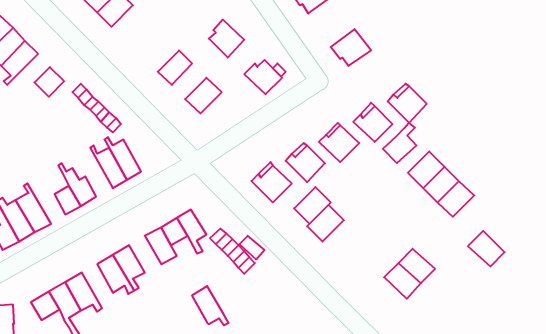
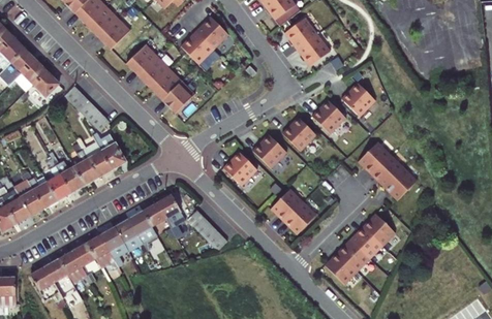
building: none -> [100,17,131,47]
building: none -> [280,19,312,53]
building: none -> [127,42,159,74]
building: none -> [9,59,47,91]
building: [244,60,282,94] -> [197,17,230,46]
building: none -> [153,67,183,98]
building: [383,123,416,163] -> none
building: none -> [75,140,101,183]
building: none -> [27,169,60,206]
building: [294,187,331,224] -> [284,203,316,235]
building: [468,231,505,266] -> [363,215,395,246]
building: none -> [74,242,101,280]
building: none -> [326,253,358,284]
building: [192,286,229,325] -> [116,217,148,251]

